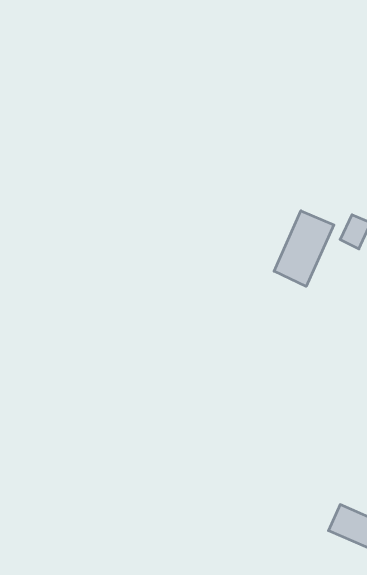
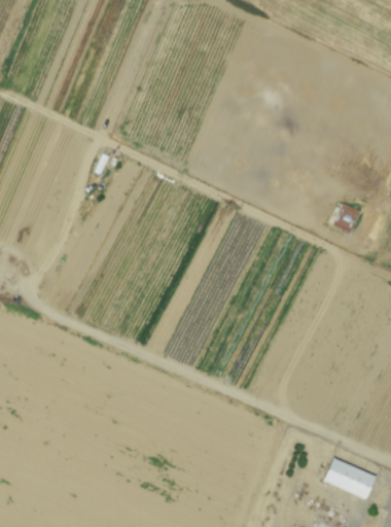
building: [274,211,334,286] -> none

